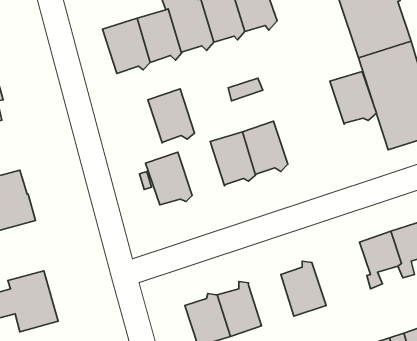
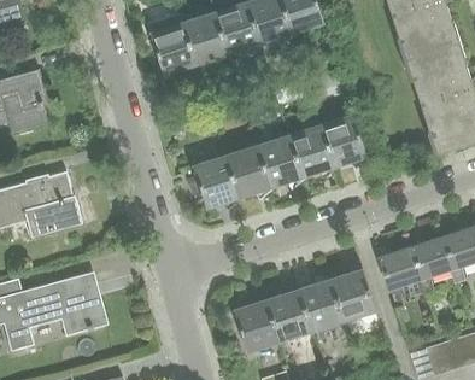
building: [330,71,376,124] -> [322,115,369,168]
building: [148,89,194,143] -> [225,145,272,199]
building: none -> [377,246,420,302]
building: none -> [297,276,342,331]

